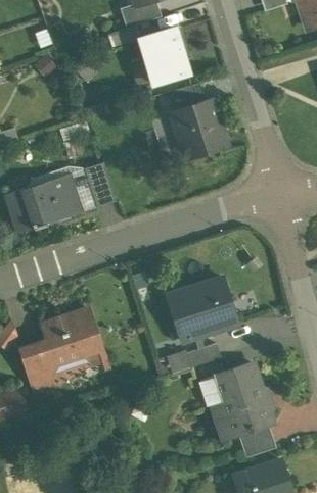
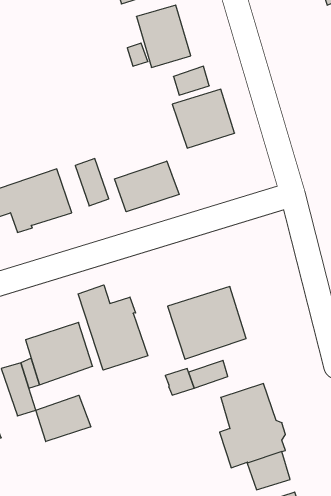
building: none -> [115,161,179,212]
building: none -> [78,285,148,370]
building: none -> [36,395,91,442]

